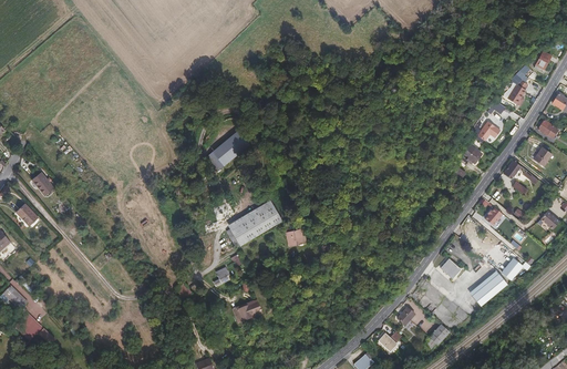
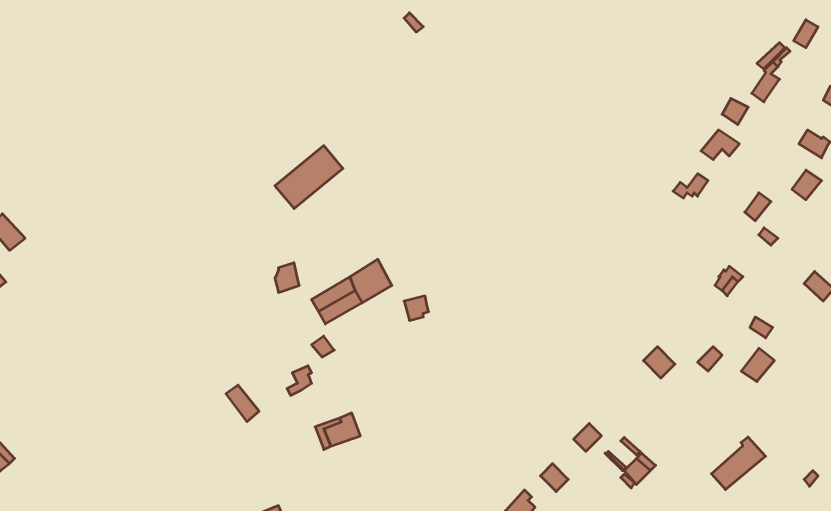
building: [473,271,507,305] -> [711,437,766,490]

